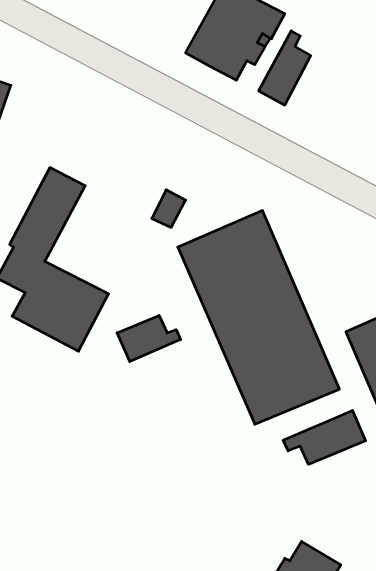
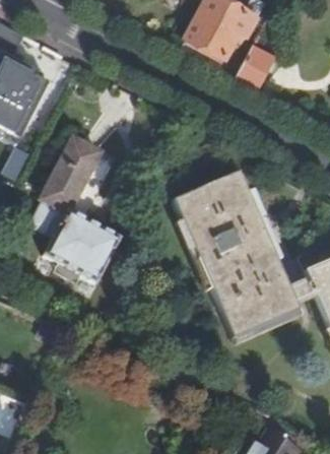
building: [117,315,181,362] -> none
building: [283,410,366,464] -> none

